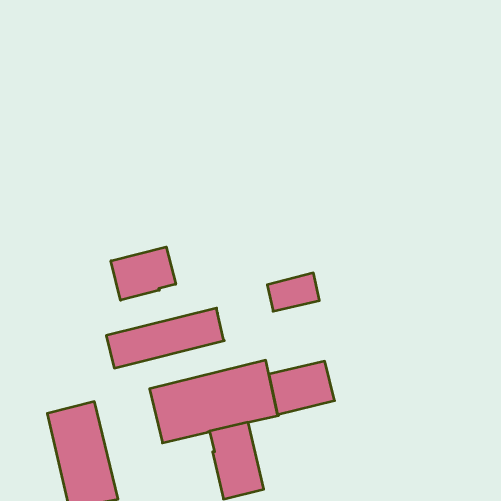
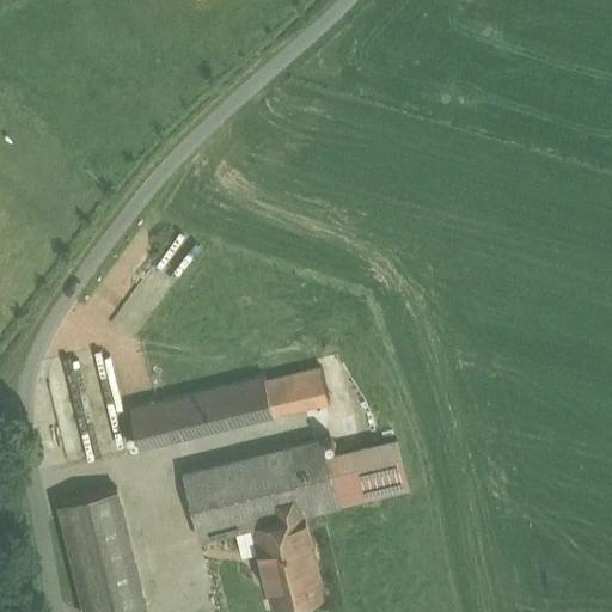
building: [111,247,176,300] -> none
building: [267,273,319,311] -> [264,368,328,415]

